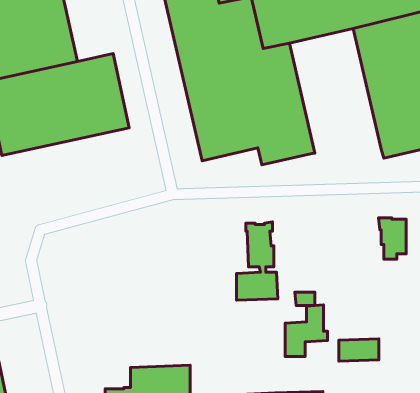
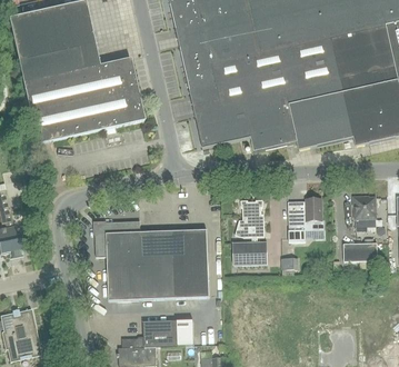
building: none -> [277,36,353,149]
building: none -> [94,219,209,299]
building: [285,305,328,356] -> [288,197,323,240]
building: [339,339,379,361] -> [343,241,377,260]

